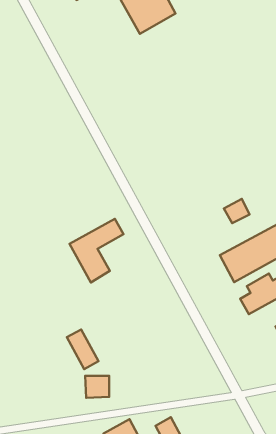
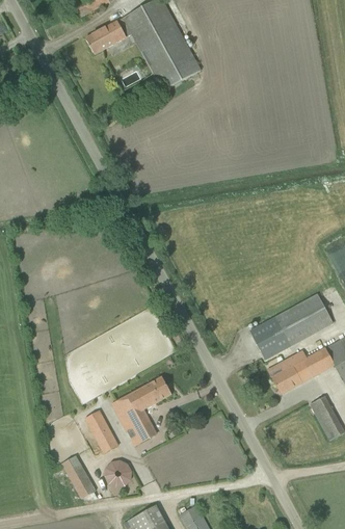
building: [224,199,250,223] -> none
building: [70,219,123,282] -> [112,377,170,446]
building: none -> [60,453,95,498]

